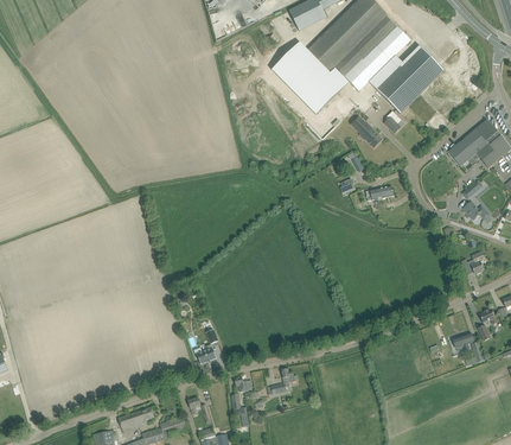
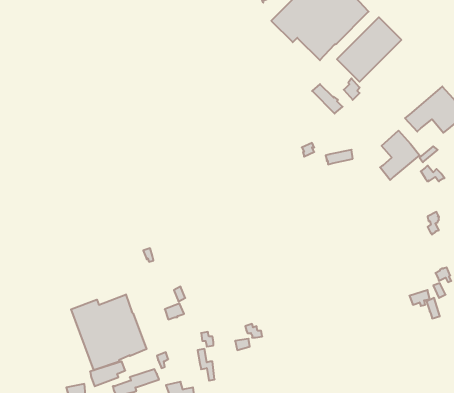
building: [272,43,340,114] -> none
building: none -> [380,131,420,180]
building: none -> [71,294,147,370]

